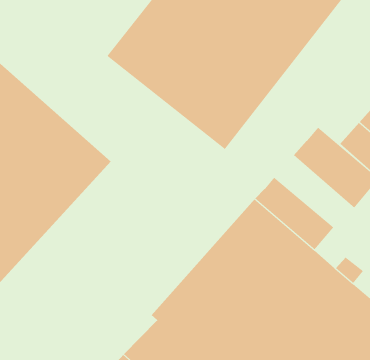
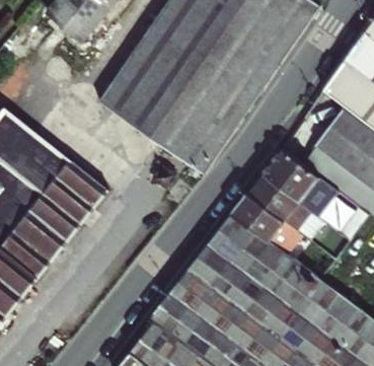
building: none -> [247,173,325,240]

